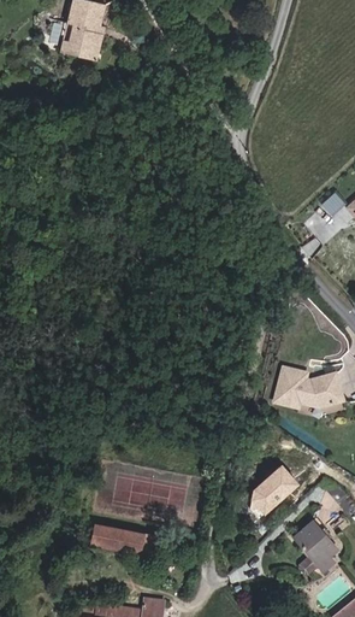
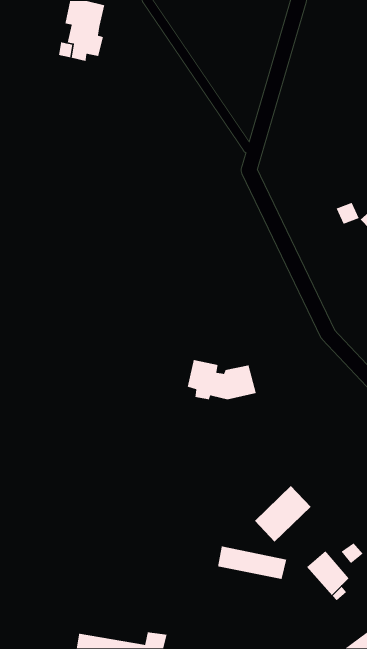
building: [274,368,341,406] -> [187,359,257,400]
building: [91,524,158,557] -> [217,545,287,580]

